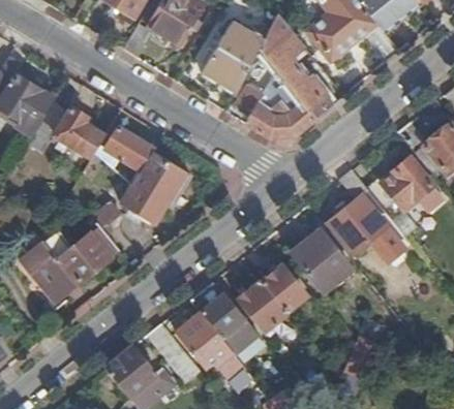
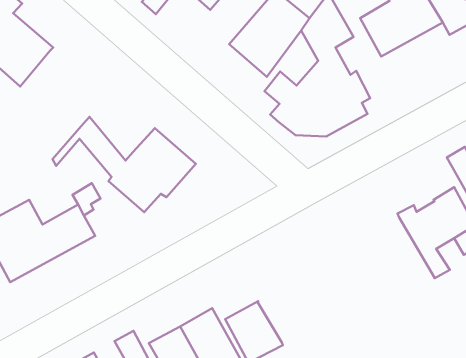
building: [31,102,104,158] -> none
building: [104,126,154,175] -> none
building: [327,171,386,254] -> none
building: [292,230,352,292] -> none
building: [262,265,307,312] -> none

